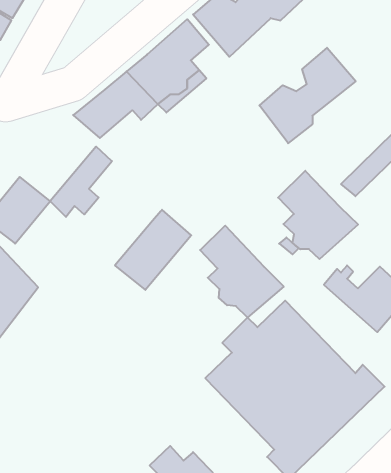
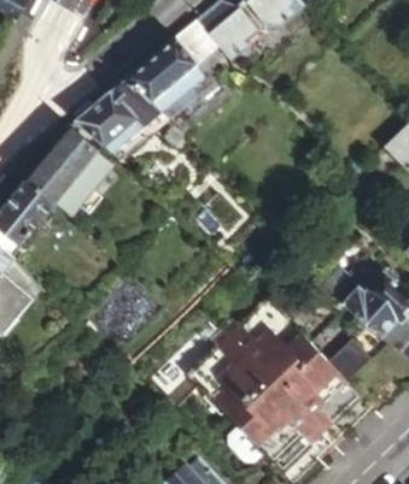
building: [259,48,356,143] -> none
building: [278,171,358,259] -> none
building: [115,210,191,290] -> [22,126,98,206]
building: [200,226,284,317] -> none

